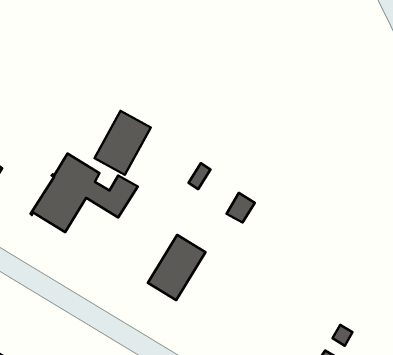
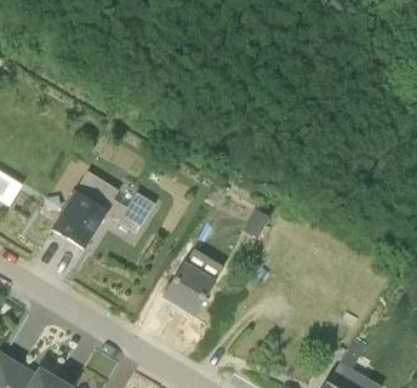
building: [94,111,151,175] -> none

